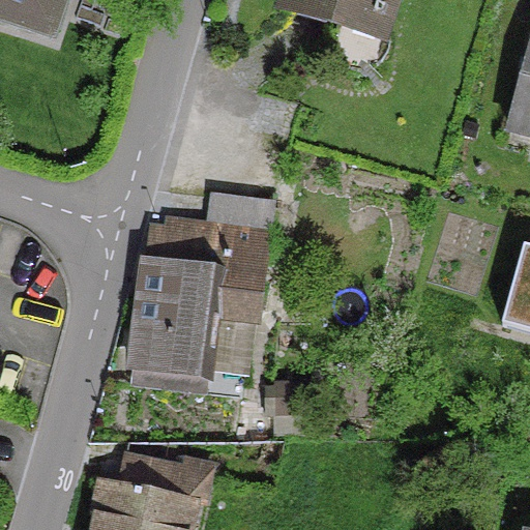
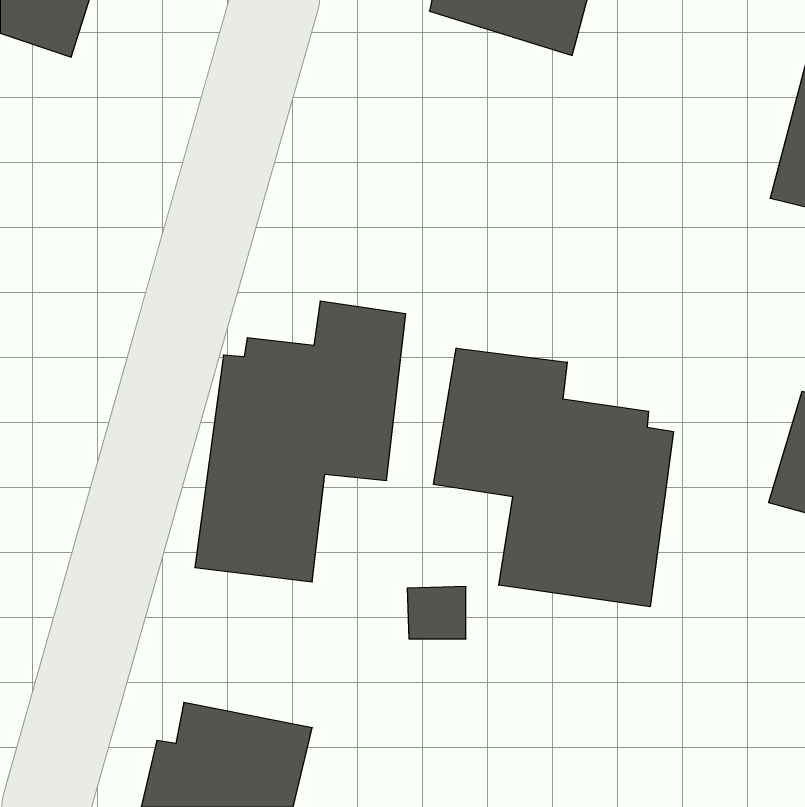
building: none -> [434,348,674,607]

